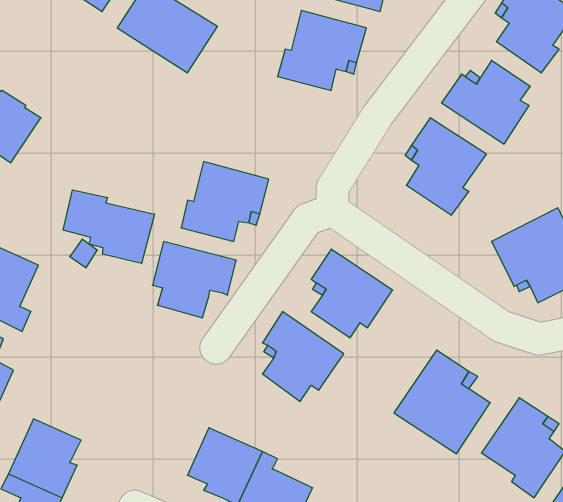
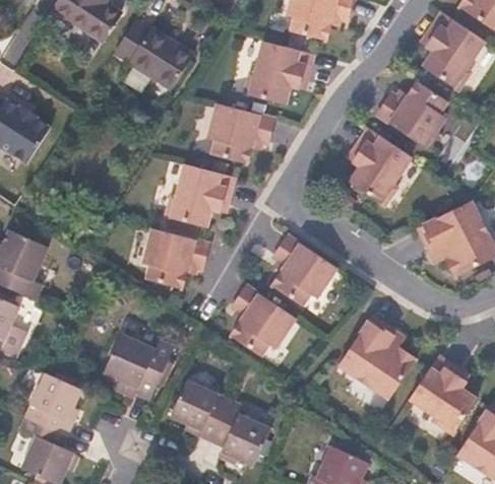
building: none -> [206,103,274,164]
building: [63,190,154,264] -> none
building: none -> [103,333,176,401]

